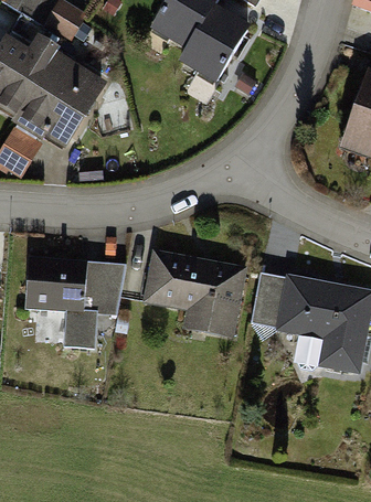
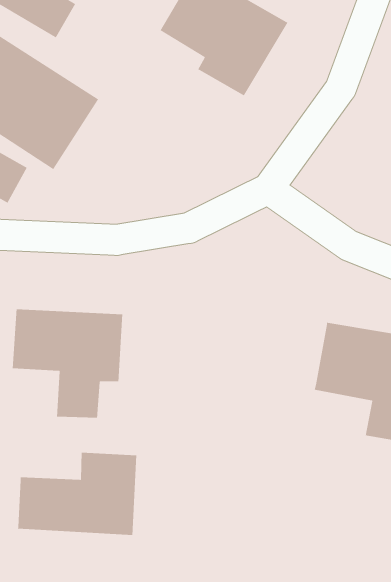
building: [141,247,248,334] -> none
building: [252,269,285,323] -> none
building: none -> [17,452,137,536]

